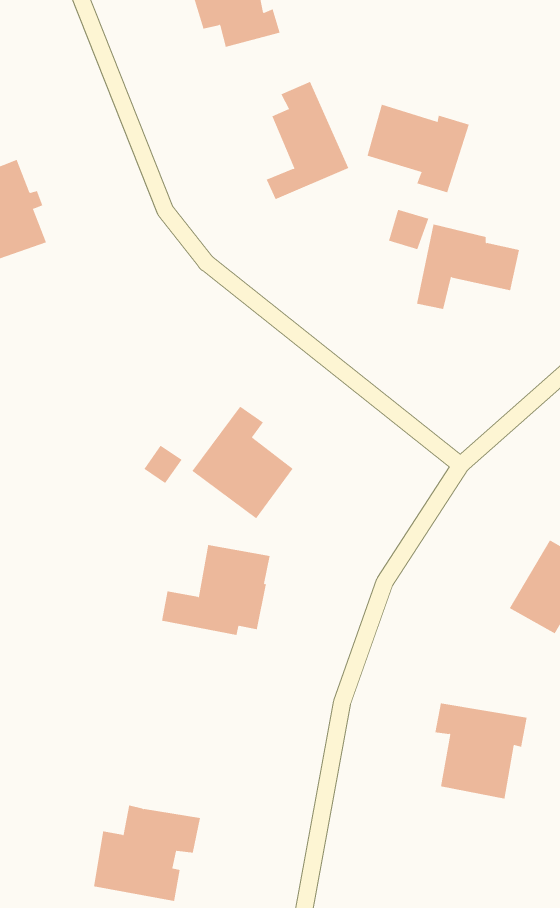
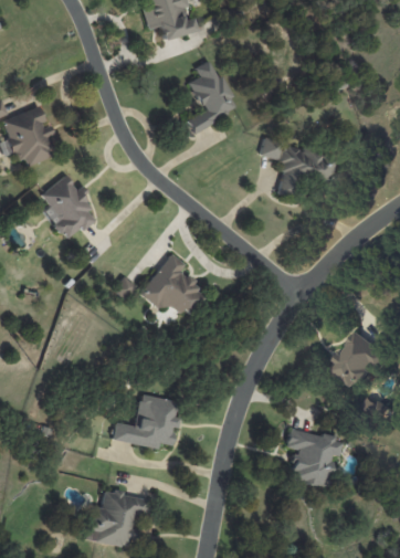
building: [367,104,470,193] -> none
building: none -> [40,173,94,239]
building: [161,545,271,636] -> [113,393,178,448]

